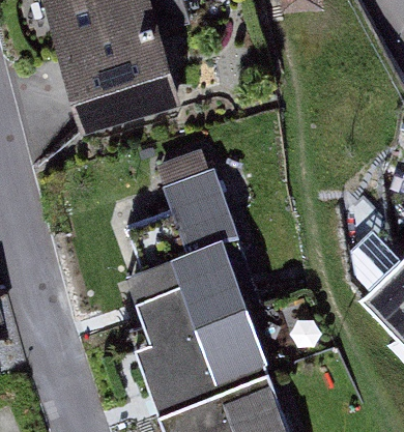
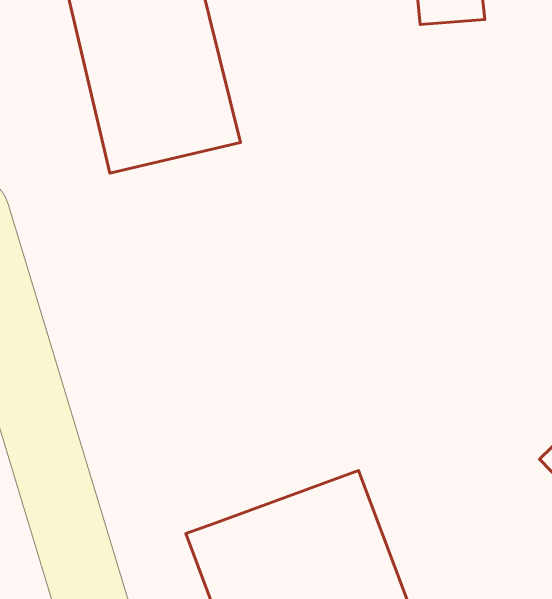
building: [125,169,243,339] -> none

